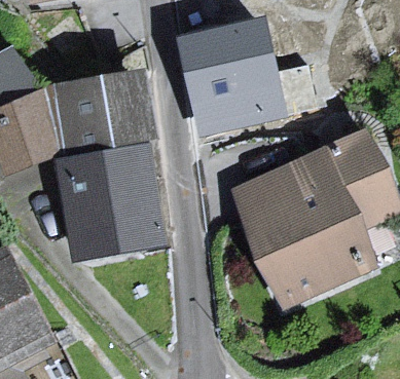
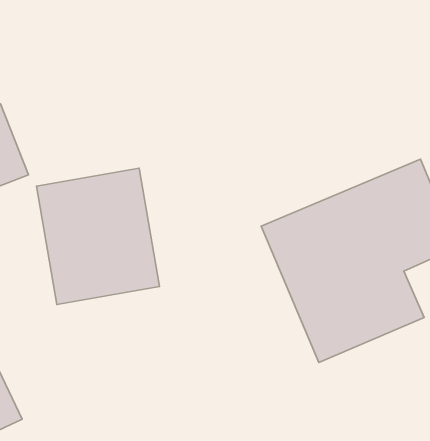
building: [180,22,279,128] -> none
building: [59,74,146,145] -> none

